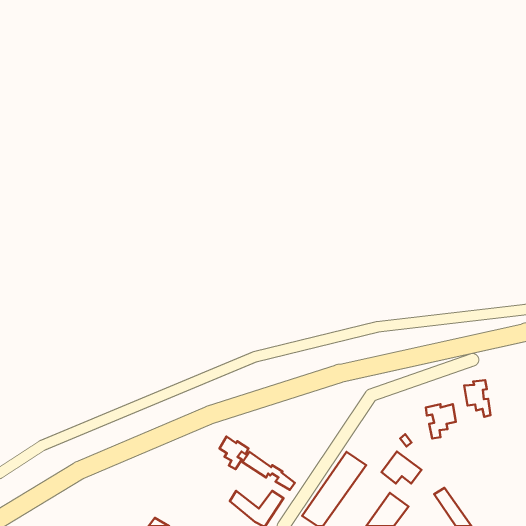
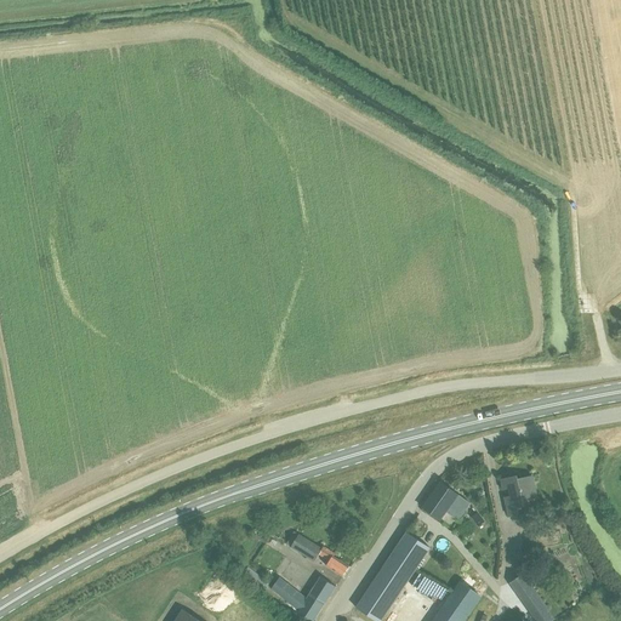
building: [464,380,491,417] -> none
building: [219,437,249,469] -> none
building: [381,451,422,483] -> [422,482,469,519]

